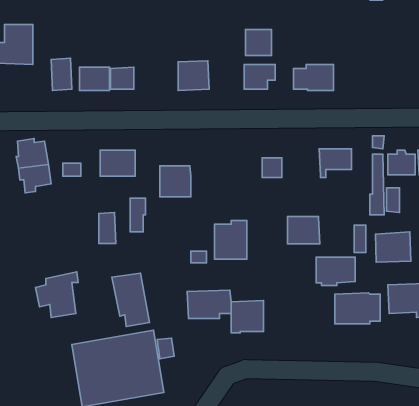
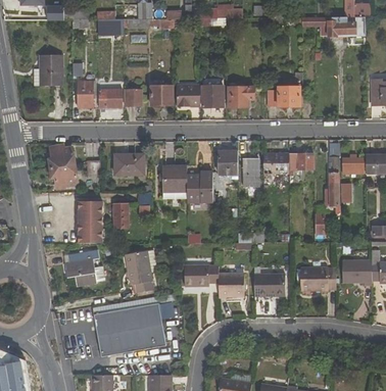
building: [246,30,271,56] -> [203,86,224,106]
building: none -> [150,85,174,105]
building: none -> [219,151,237,175]
building: none -> [77,201,103,244]
building: [287,217,320,244] -> [263,152,289,174]
building: [214,220,247,259] -> [187,172,212,202]
building: [375,232,411,262] -> none
building: [316,257,355,286] -> [254,274,285,296]

